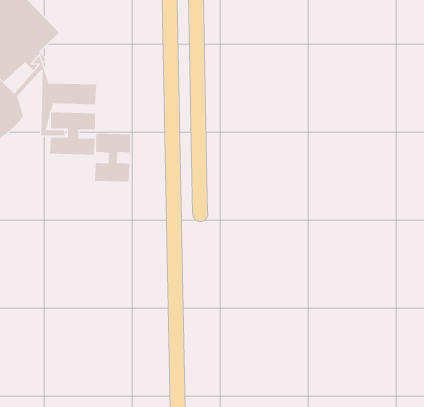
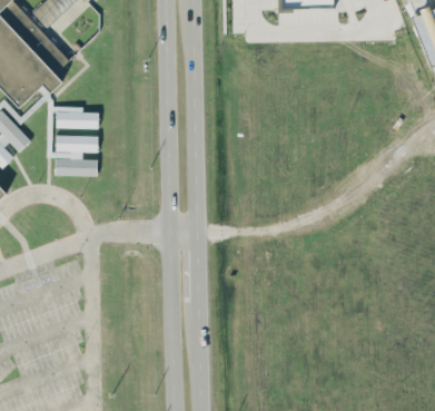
building: [95,133,130,182] -> none

